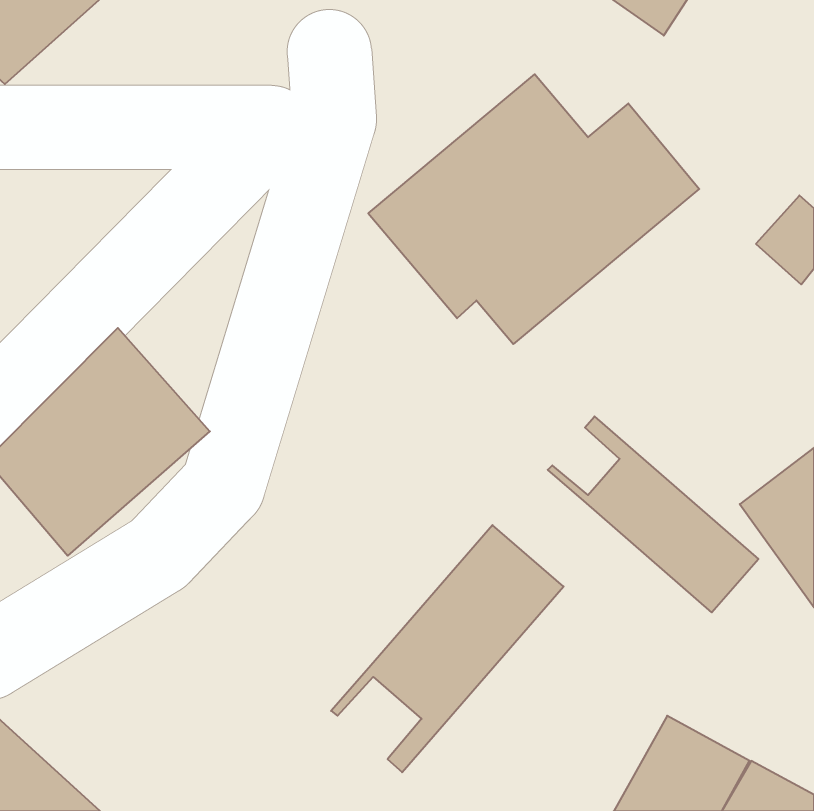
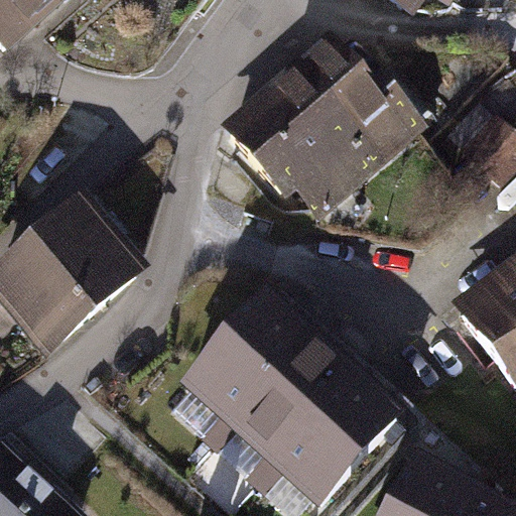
building: [548,416,758,612] -> none
building: none -> [183,289,307,443]
building: none -> [251,366,397,496]

